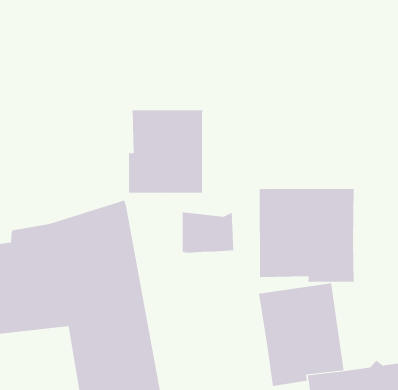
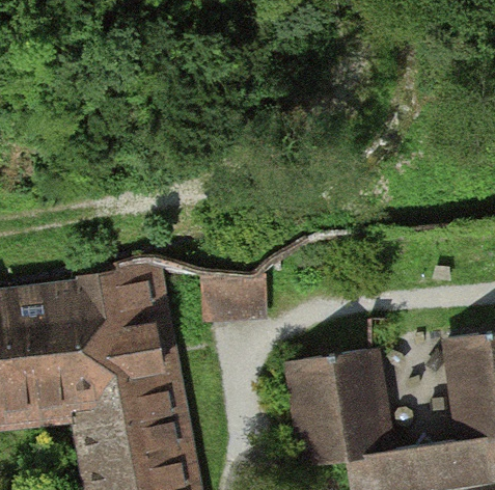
building: [128,110,203,194] -> none
building: [259,188,354,283] -> none

